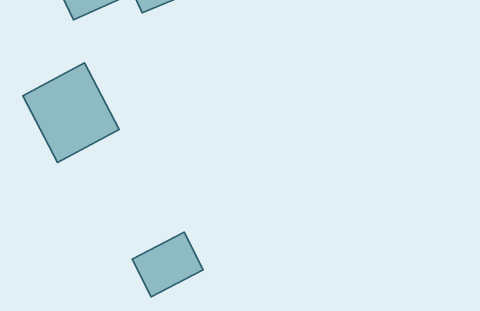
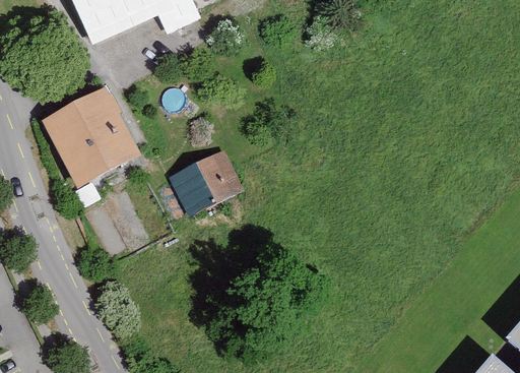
building: [132,232,203,297] -> [171,149,243,215]

